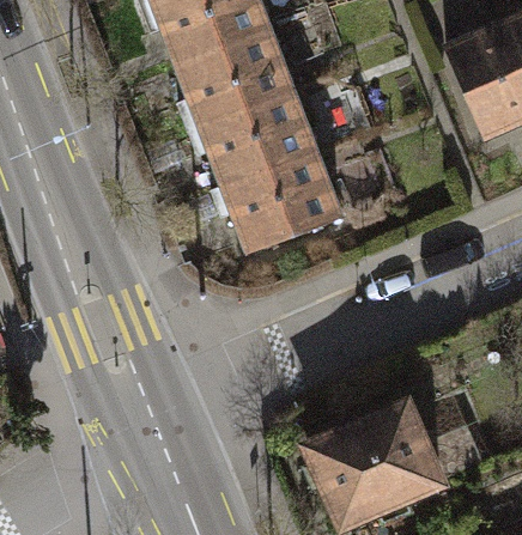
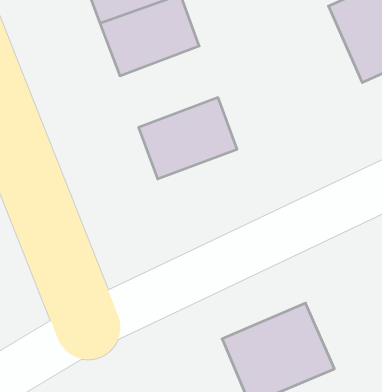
building: [196,91,315,189] -> none

